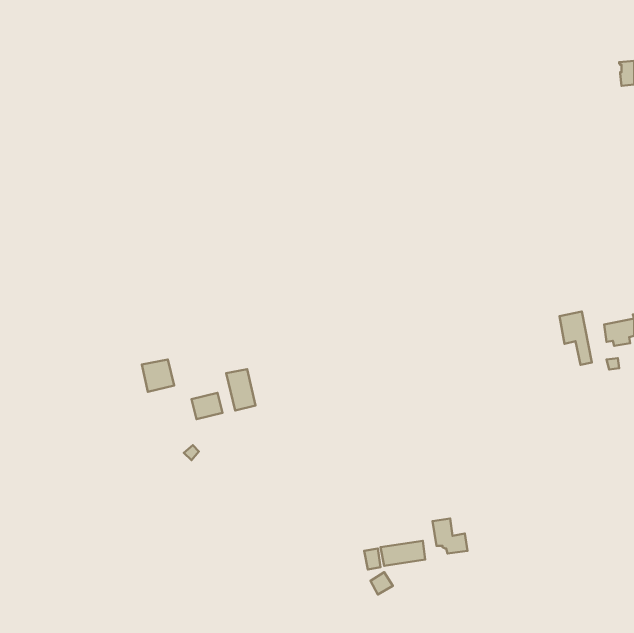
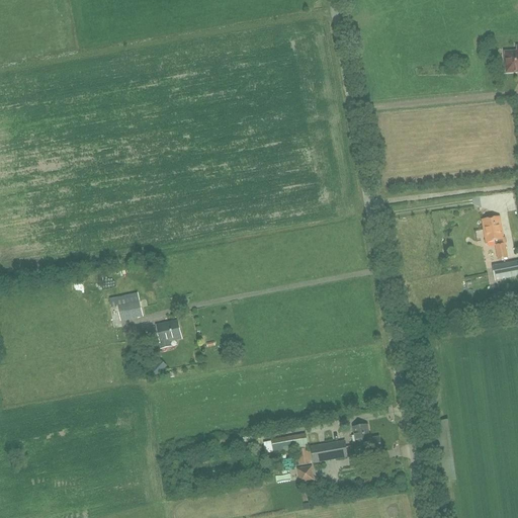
building: [559,311,592,365] -> [481,214,507,258]
building: [226,369,256,410] -> none

